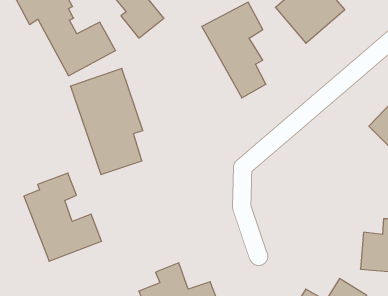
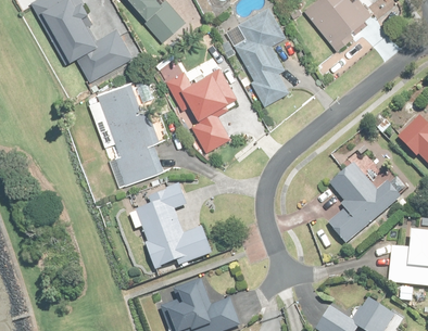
building: none -> [164,63,240,152]
building: none -> [325,163,402,244]
building: [24,173,102,261] -> [134,183,214,275]

